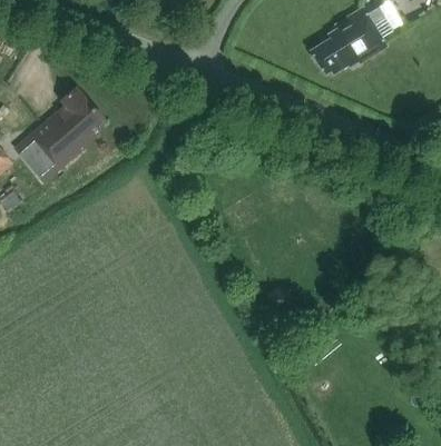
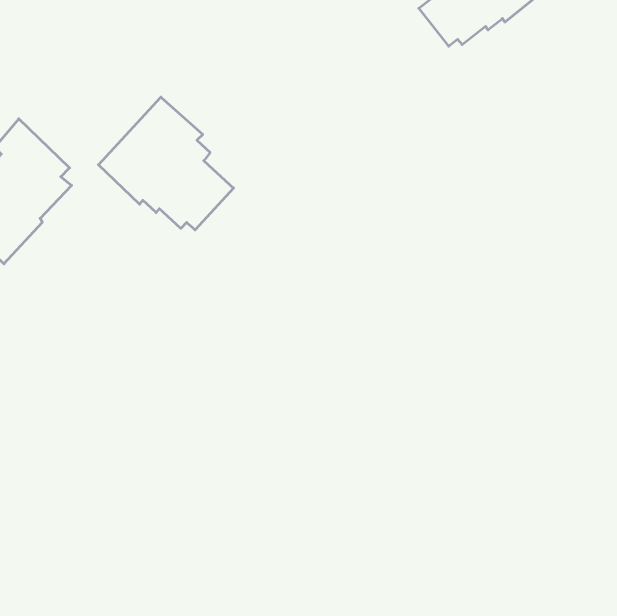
building: none -> [98,97,234,230]

